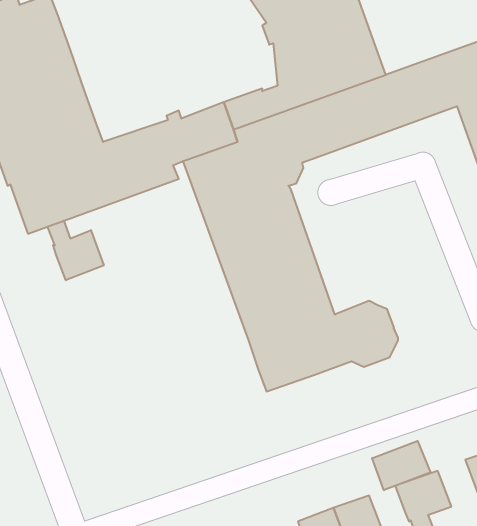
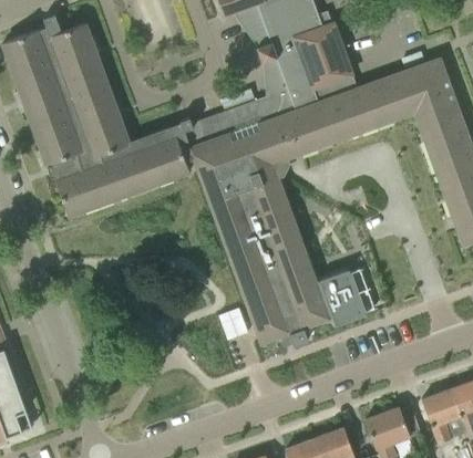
building: [48,221,104,280] -> none
building: [372,441,431,490] -> none

